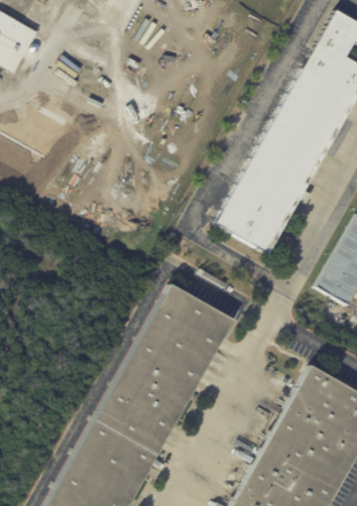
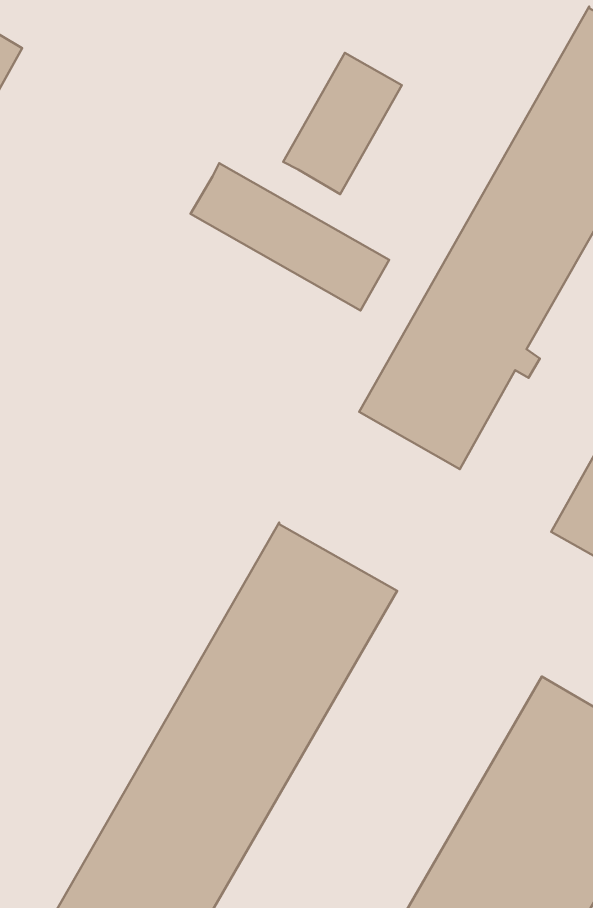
building: none -> [283,53,402,194]
building: none -> [190,163,389,311]

